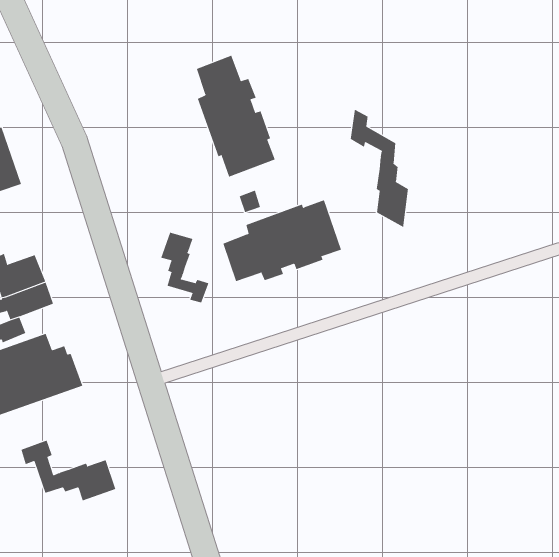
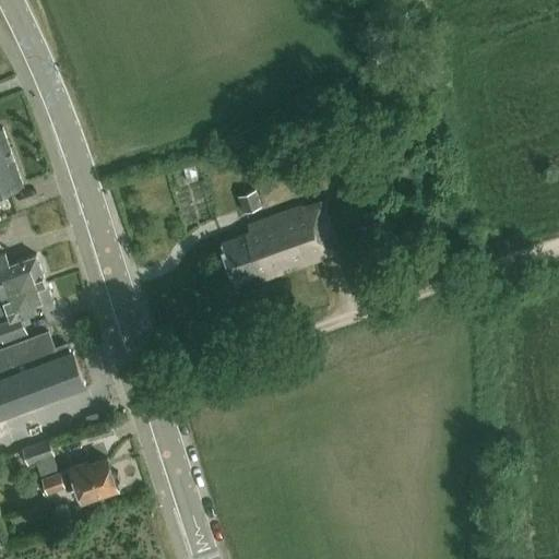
building: [196,55,276,177] -> none
building: [350,109,408,228] -> none
building: [160,232,209,303] -> none

